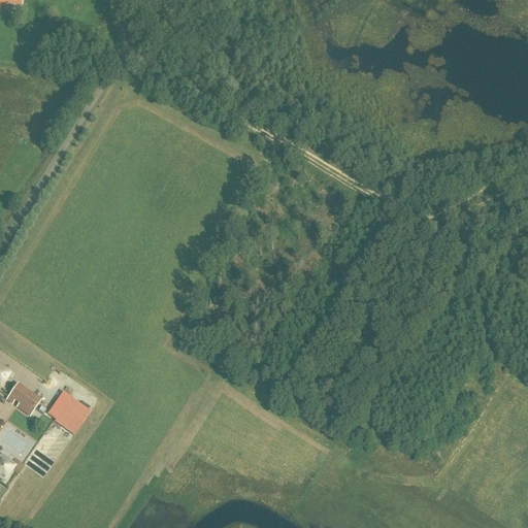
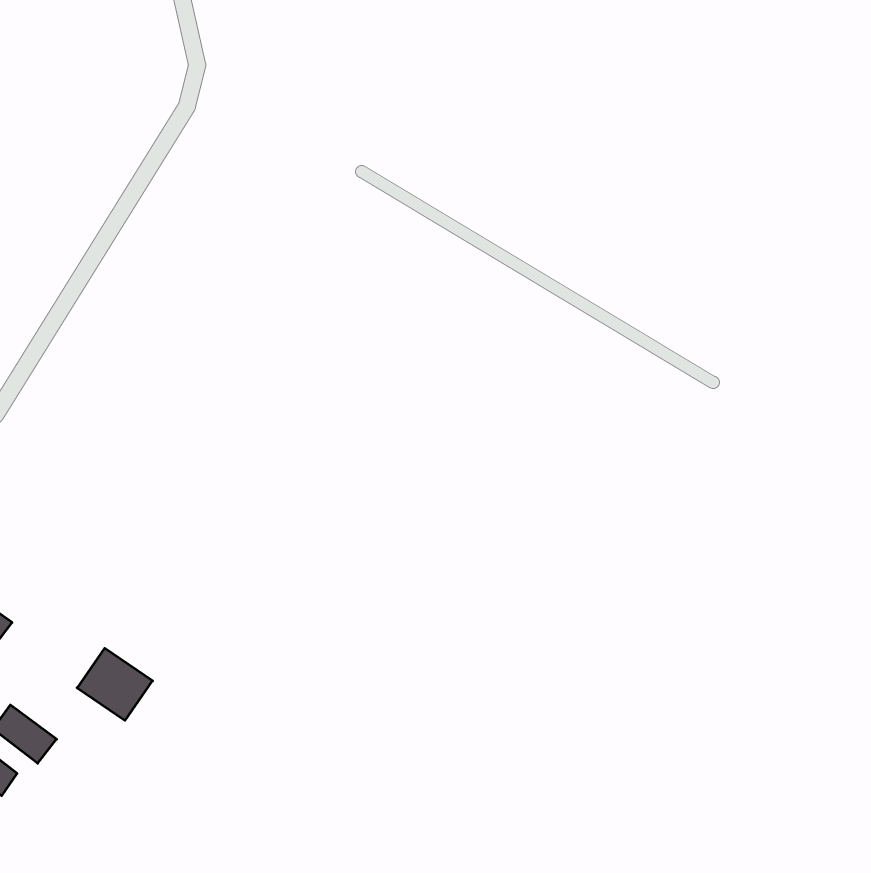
building: [4,385,36,415] -> none

